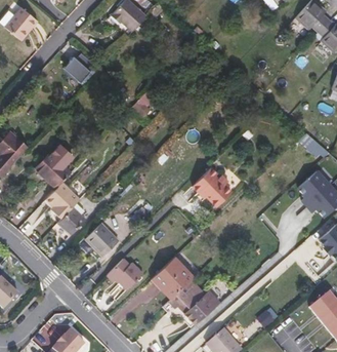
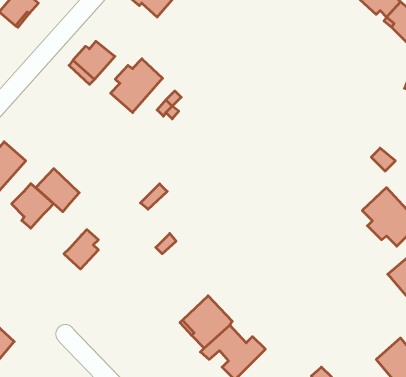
building: none -> [111,59,163,113]
building: [192,166,230,206] -> none
building: [46,182,80,218] -> [12,184,54,228]
building: [85,222,118,256] -> none
building: [106,258,142,288] -> none

